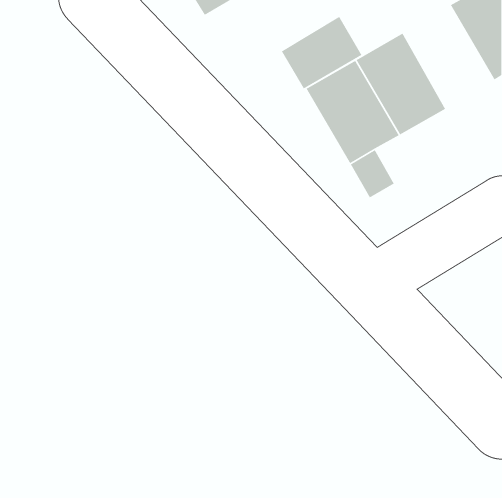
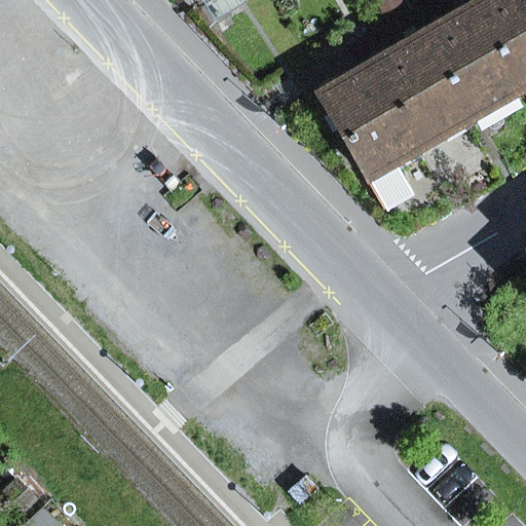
building: none -> [421,5,517,114]
building: [281,16,362,90] -> none

